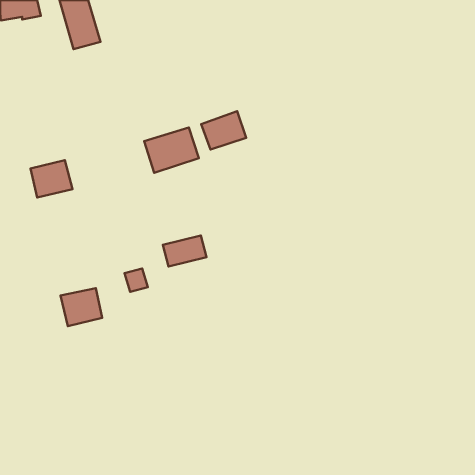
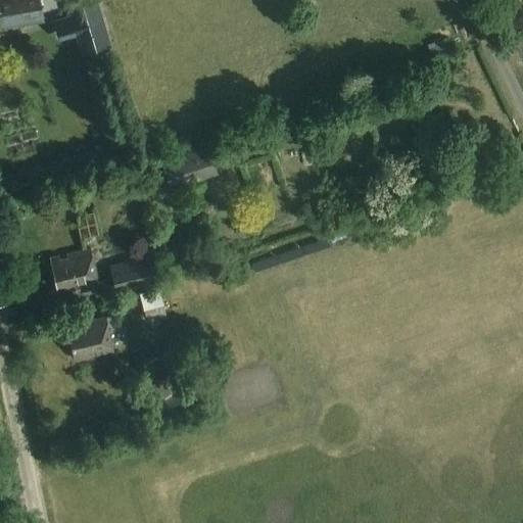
building: [201,111,246,150] -> none
building: [31,160,72,197] -> [52,248,98,289]
building: [163,236,207,266] -> [110,254,158,288]

